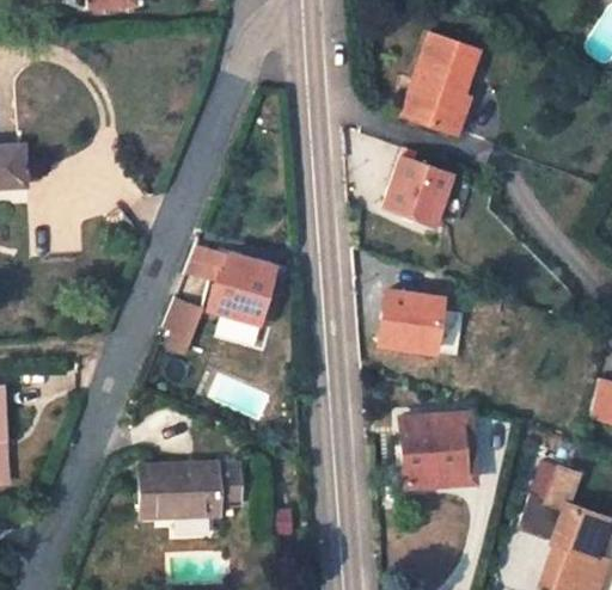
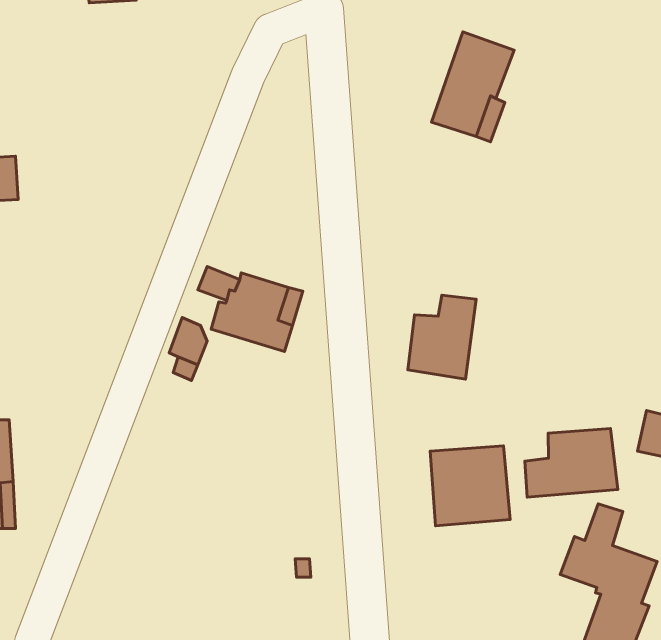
building: [382,155,452,225] -> none
building: none -> [525,428,618,497]
building: [140,465,239,516] -> none

